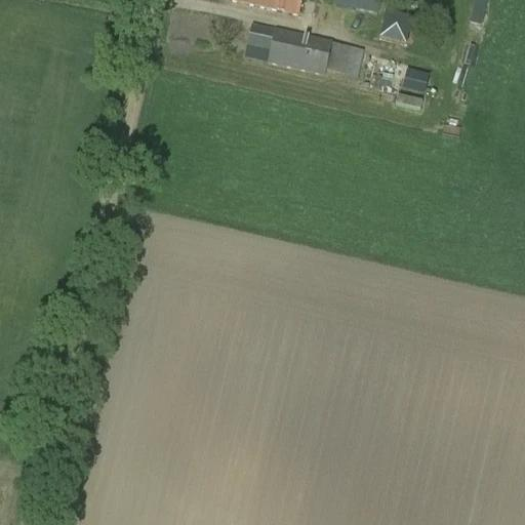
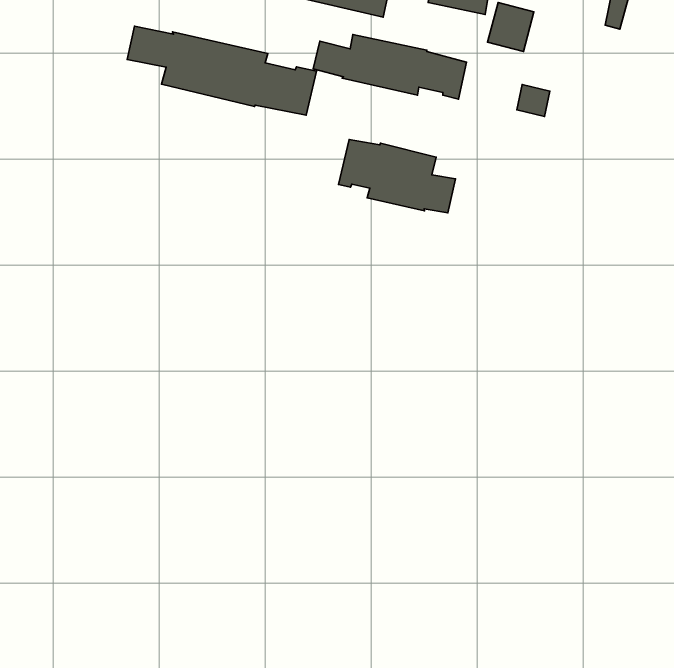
building: none -> [127,26,317,115]
building: none -> [338,140,455,213]

